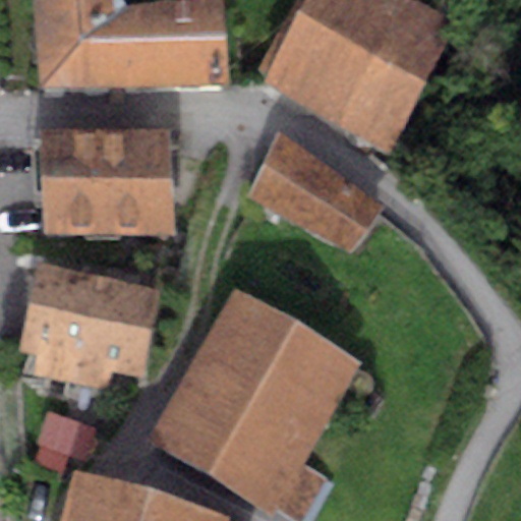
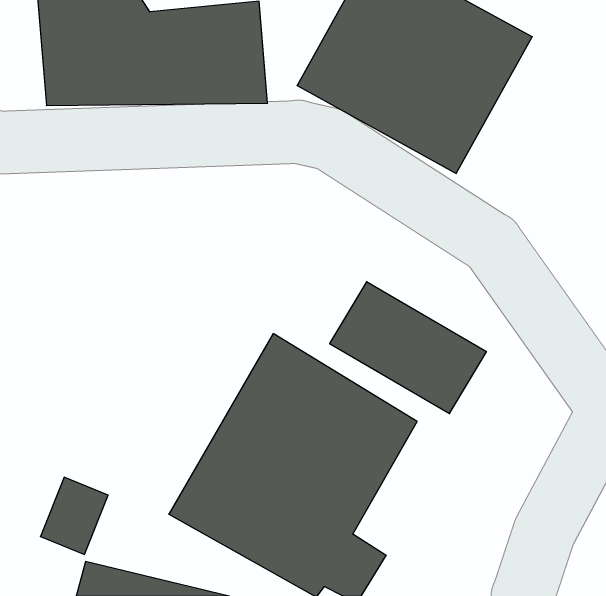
building: [38,130,177,237] -> none
building: [249,137,384,250] -> [330,282,486,414]
building: [18,265,159,389] -> none

